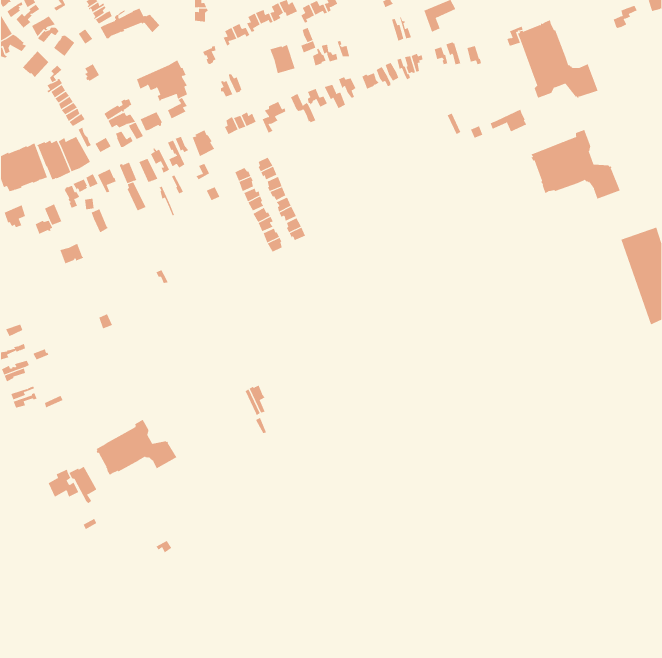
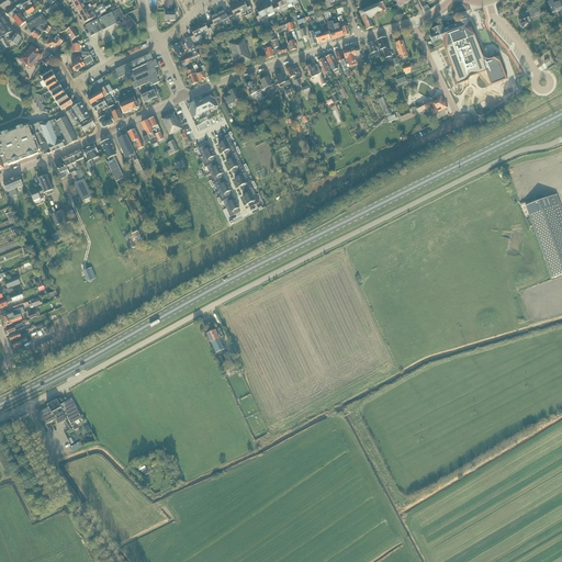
building: [530,129,620,200] -> none
building: [95,419,177,476] -> none

